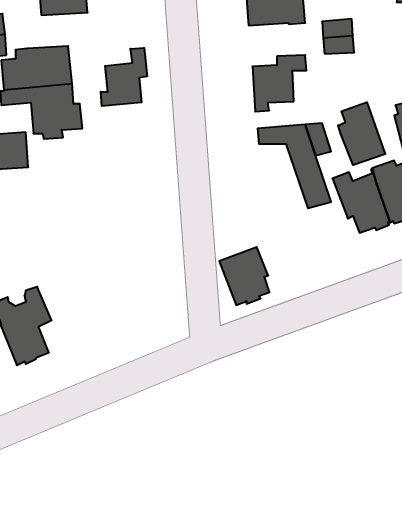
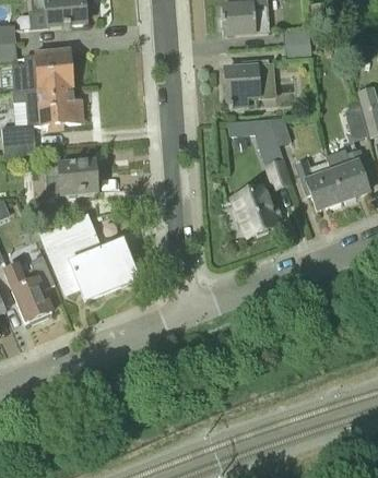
building: [101,48,147,106] -> none
building: [338,102,385,165] -> none
building: none -> [46,160,97,195]
building: none -> [44,215,137,298]
building: [219,247,270,305] -> [233,188,275,237]

